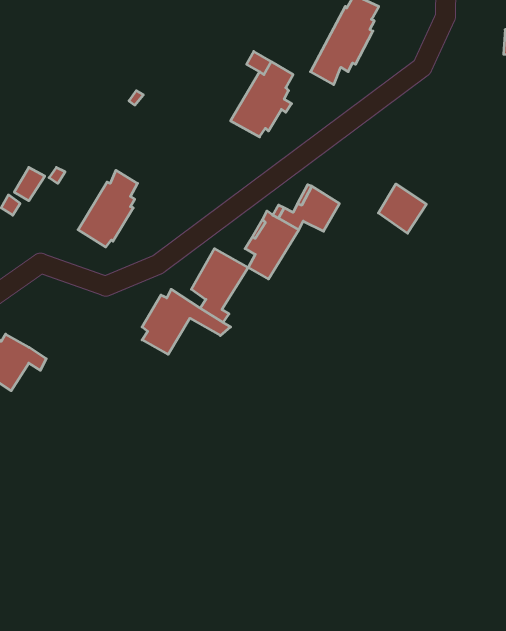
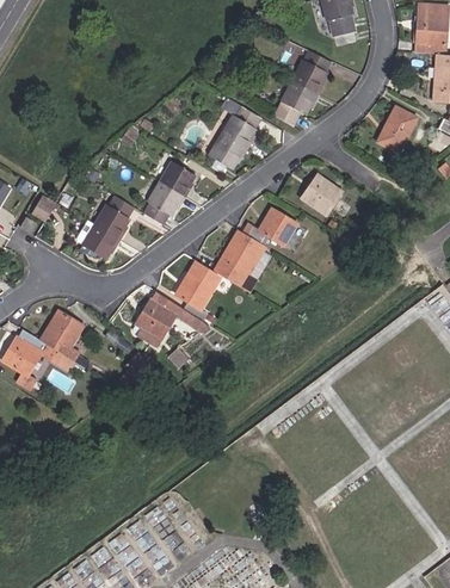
building: none -> [376,106,418,153]
building: none -> [144,162,193,224]
building: [378,184,426,233] -> [302,174,341,215]
building: none -> [42,311,84,359]

